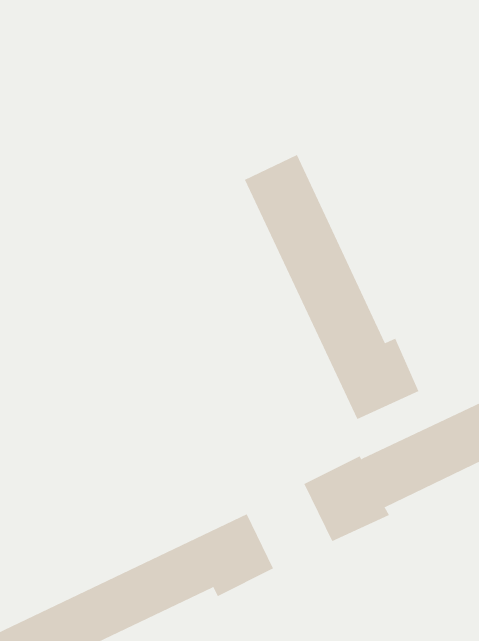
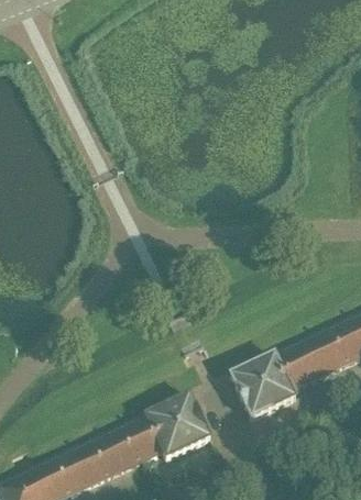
building: [244,154,419,420] -> none

